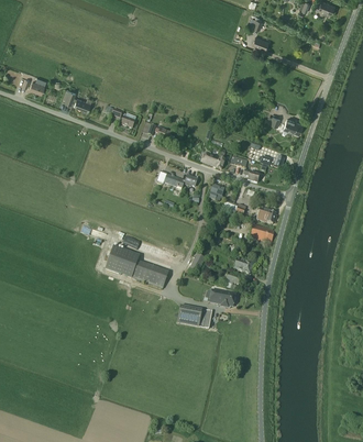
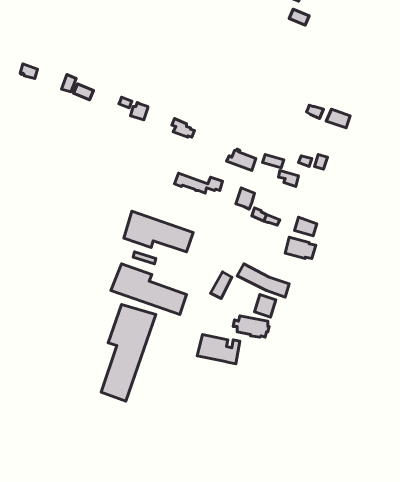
building: none -> [124,211,193,252]
building: none -> [101,304,156,401]

